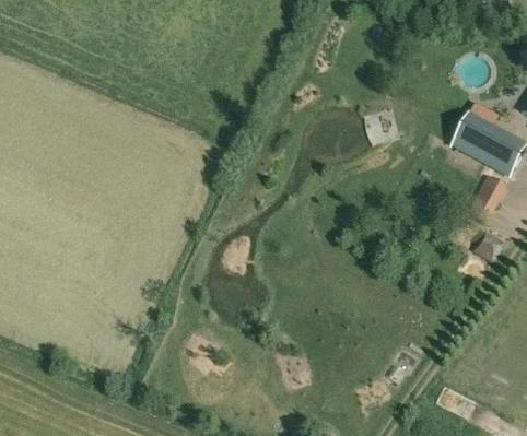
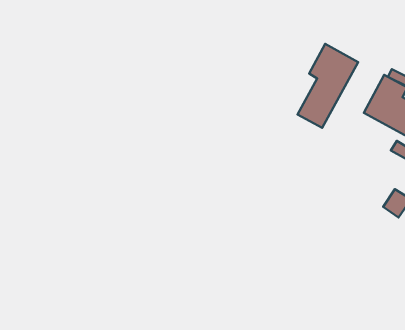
building: none -> [298,44,358,128]

